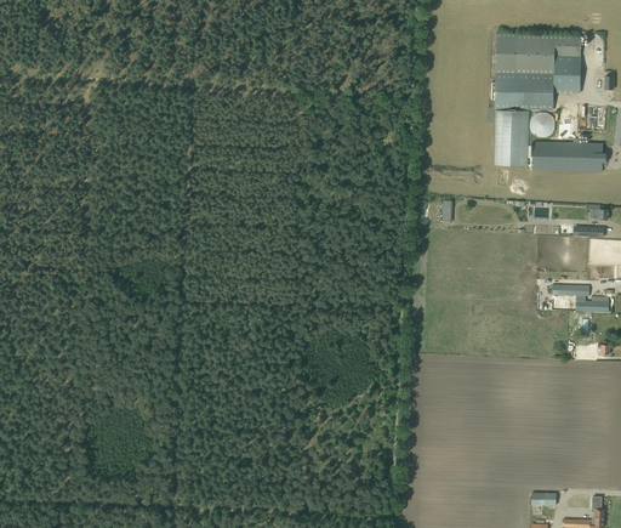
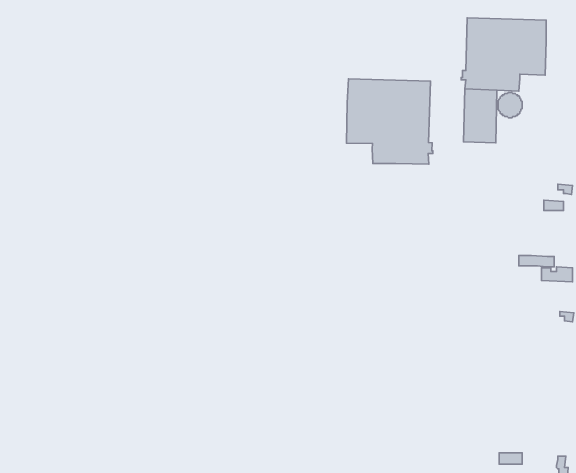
building: none -> [346,79,433,164]
building: [532,142,606,171] -> none

